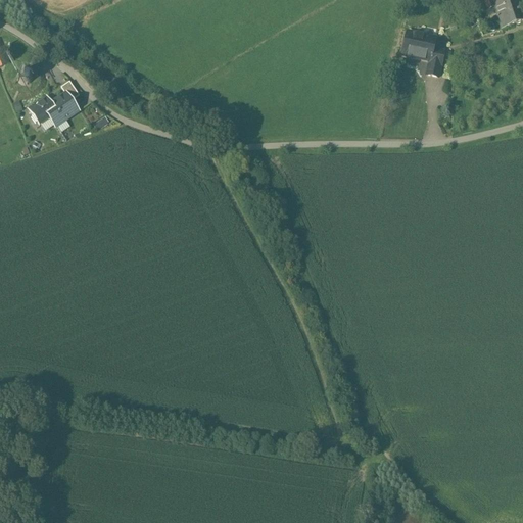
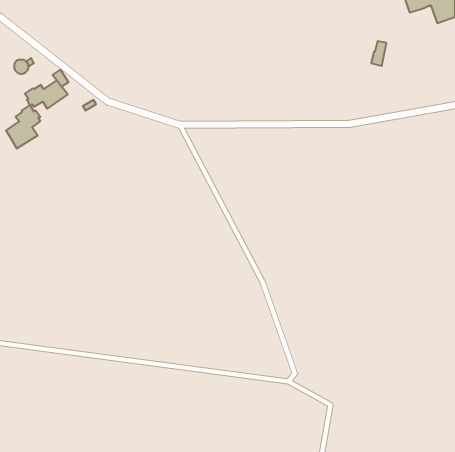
building: [401,30,435,59] -> none
building: none -> [6,105,40,149]

